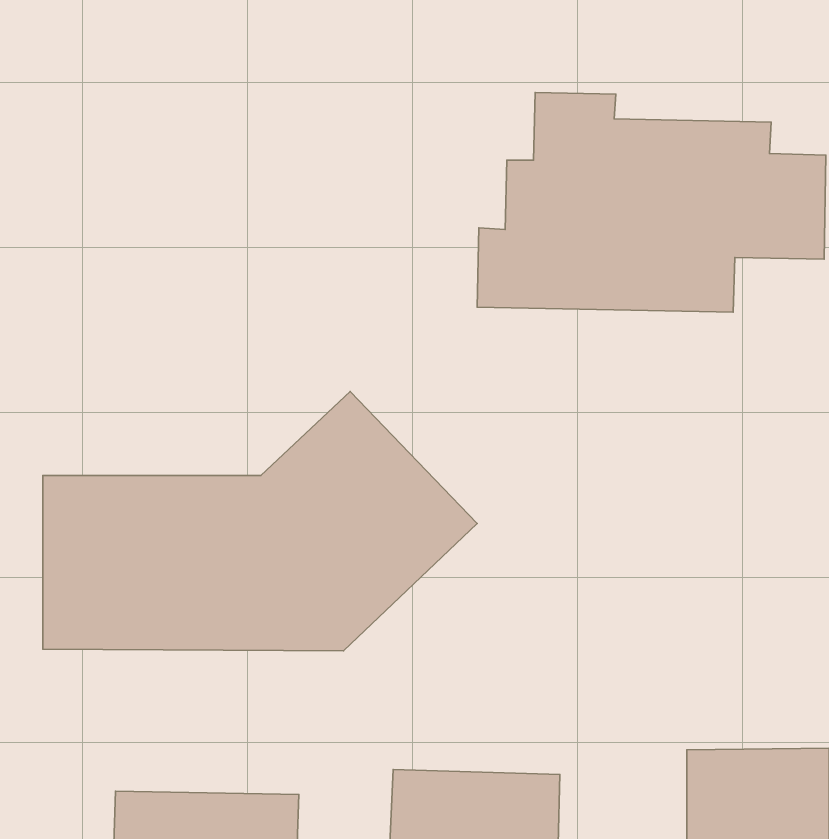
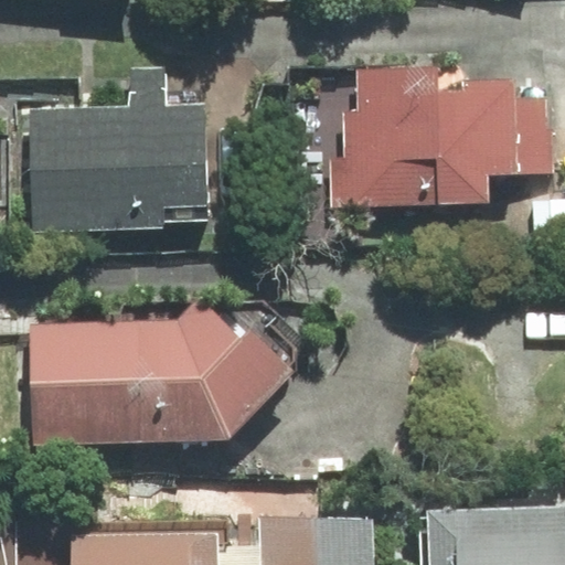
building: none -> [24,66,211,232]

